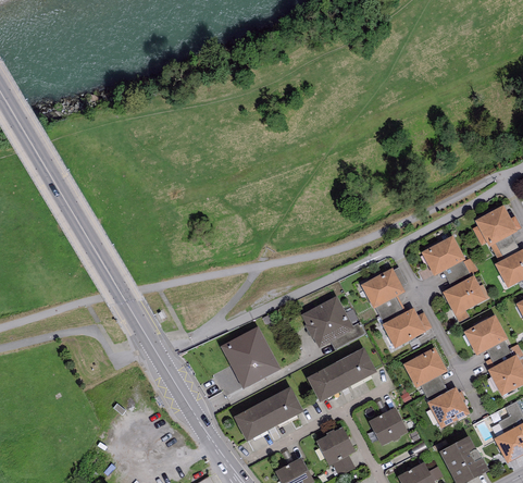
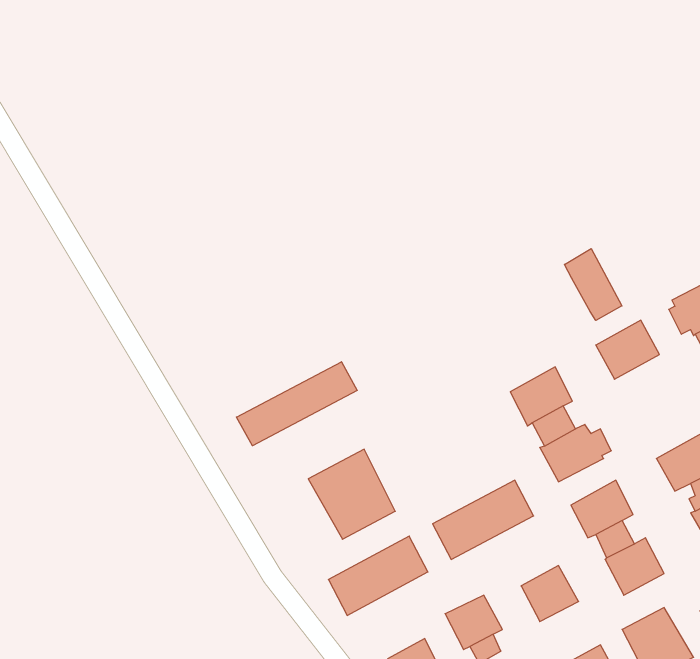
building: none -> [564,249,622,320]
building: none -> [236,362,357,446]
building: [443,275,489,321] -> none
building: [301,296,354,348] -> none

